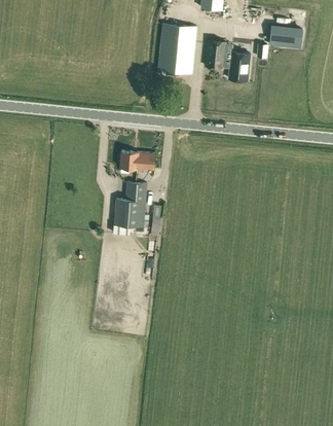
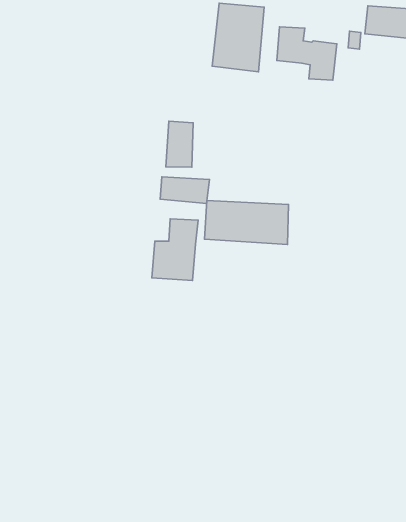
building: none -> [166,121,193,167]
building: none -> [205,200,288,245]

